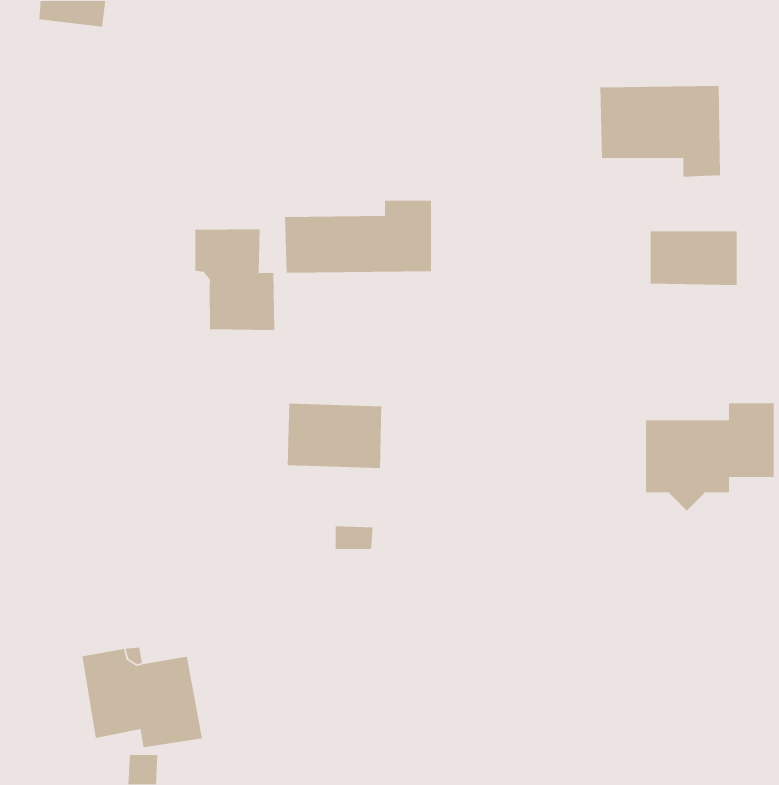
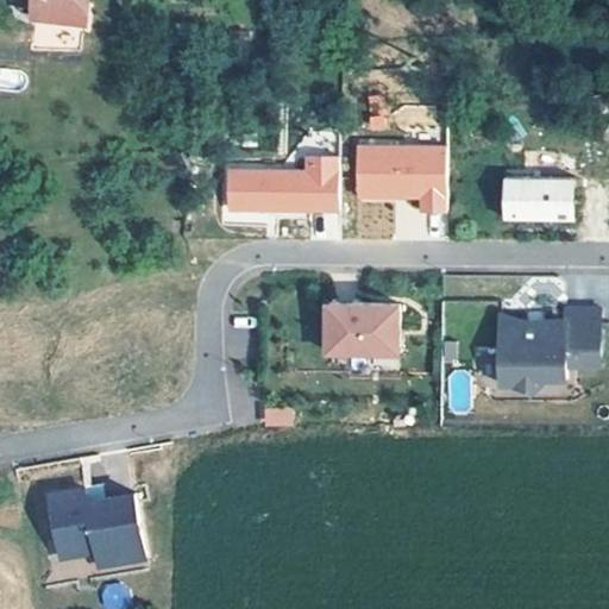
building: [600,85,721,177] -> [350,143,444,214]
building: [194,228,275,331] -> none
building: [287,403,382,469] -> [326,303,400,354]

